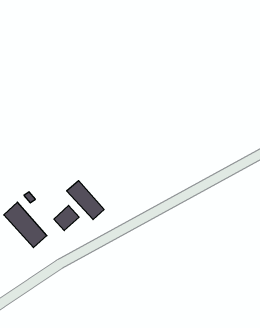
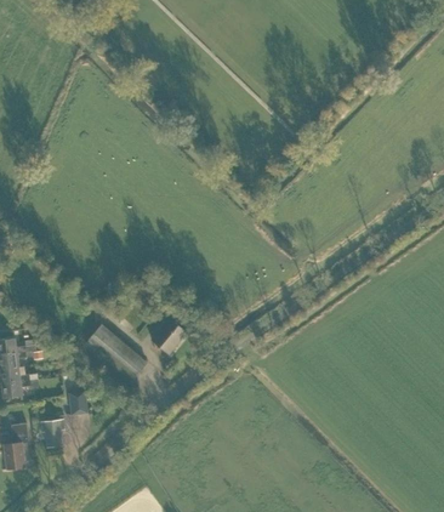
building: [67,181,104,220] -> none

